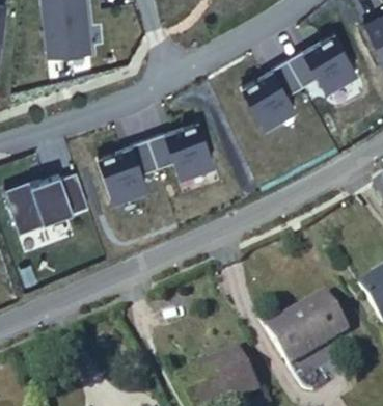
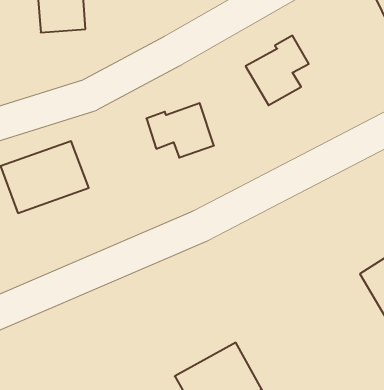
building: [288,37,356,93] -> none
building: [99,140,158,201] -> none
building: [261,297,347,374] -> none

